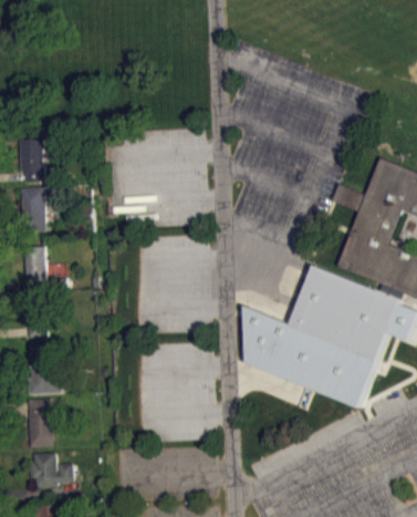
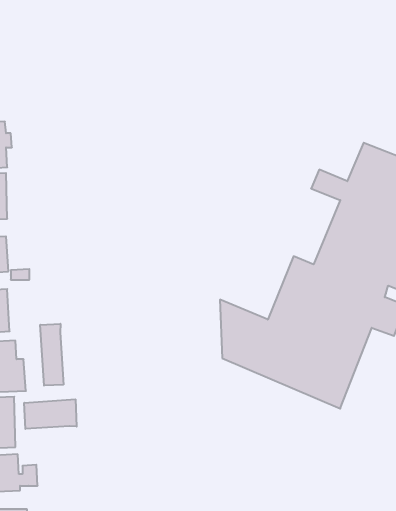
building: none -> [40,324,63,386]
building: none -> [24,399,77,429]

